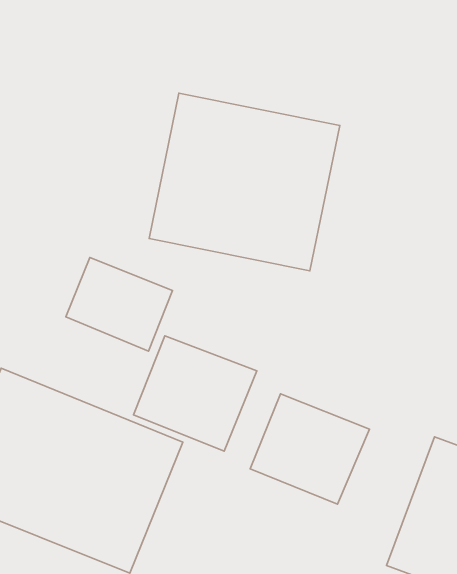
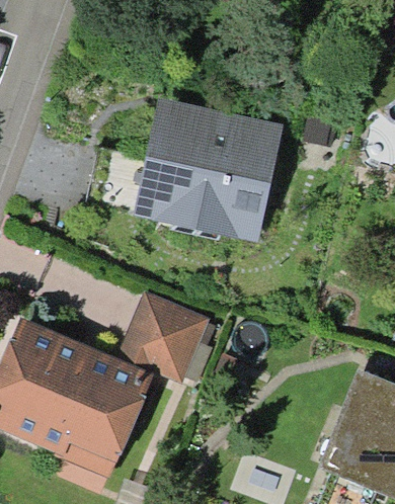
building: [66,258,172,351] -> none
building: [250,394,370,504] -> none

